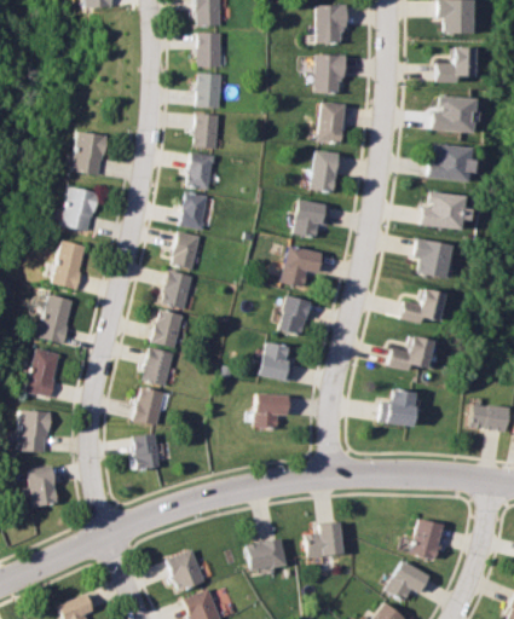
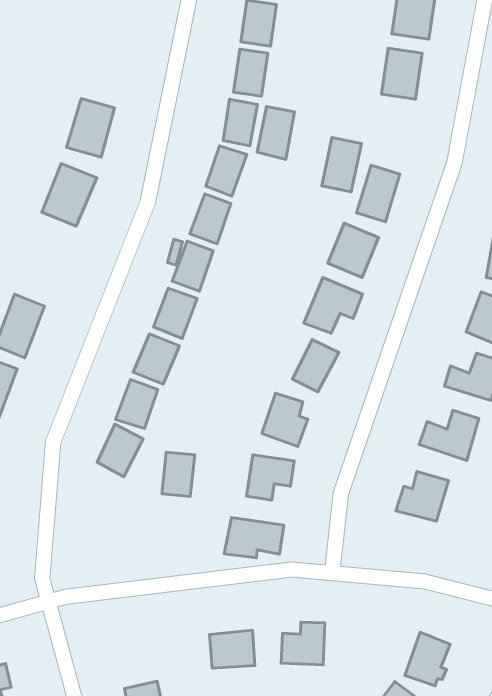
building: [319,103,346,144] -> [322,138,361,192]
building: none -> [257,107,294,160]
building: [53,241,85,289] -> none
building: [135,435,160,470] -> [162,452,195,496]
building: none -> [224,518,284,558]
building: [164,548,203,591] -> none

